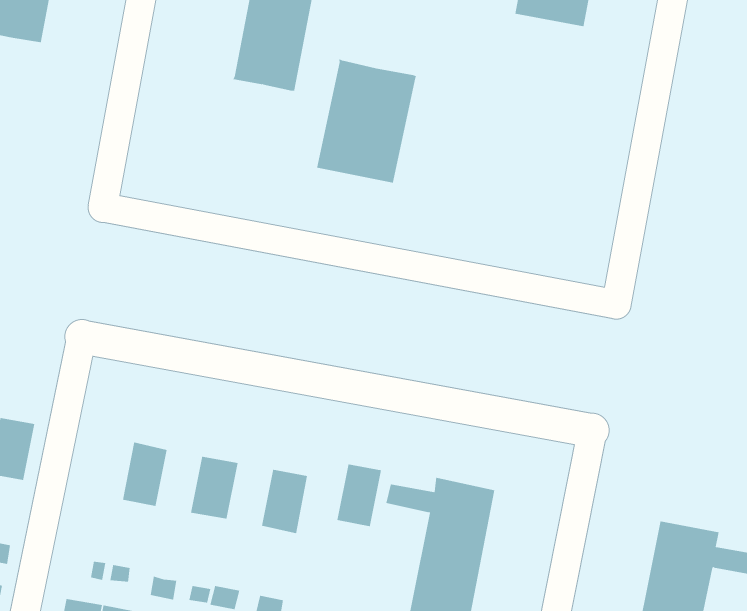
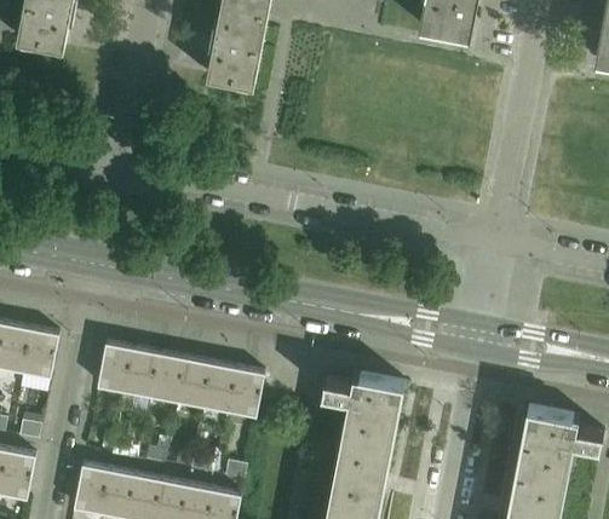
building: [316,58,417,183] -> none
building: none -> [97,344,132,392]
building: none -> [149,354,183,402]
building: [337,464,382,527] -> [202,364,236,411]

